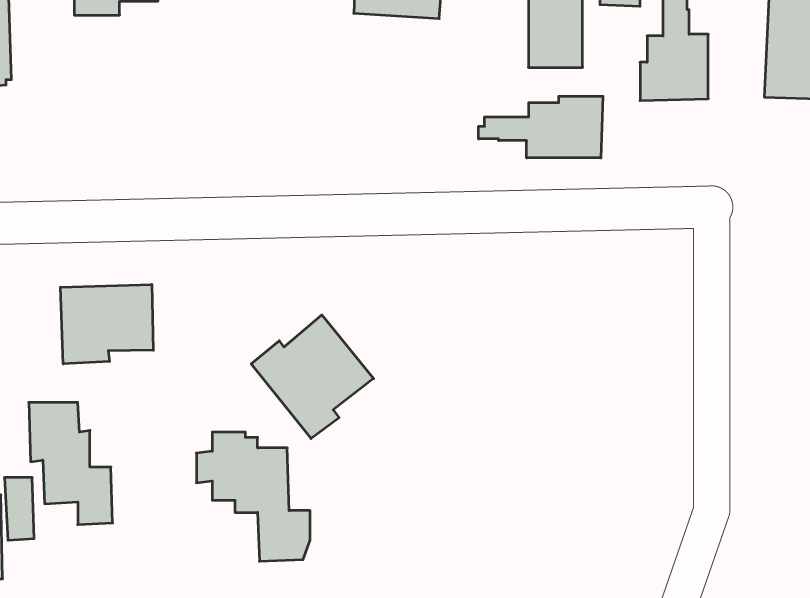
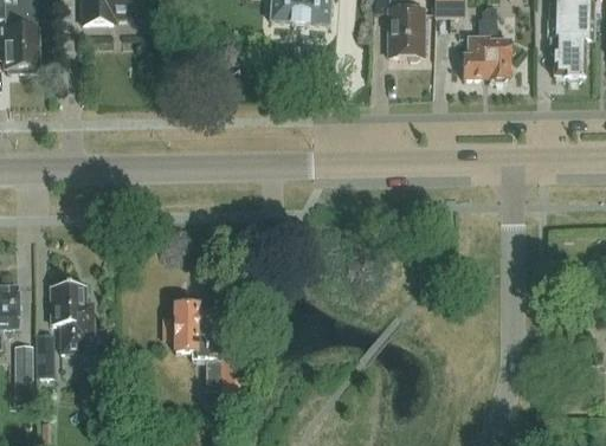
building: [479,96,603,158] -> none
building: [60,284,153,364] -> none
building: [251,315,374,439] -> none

